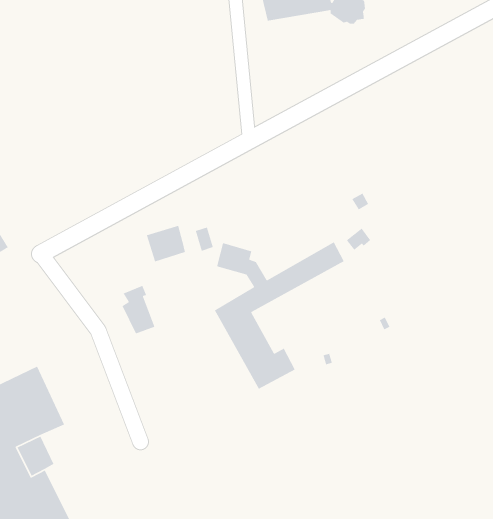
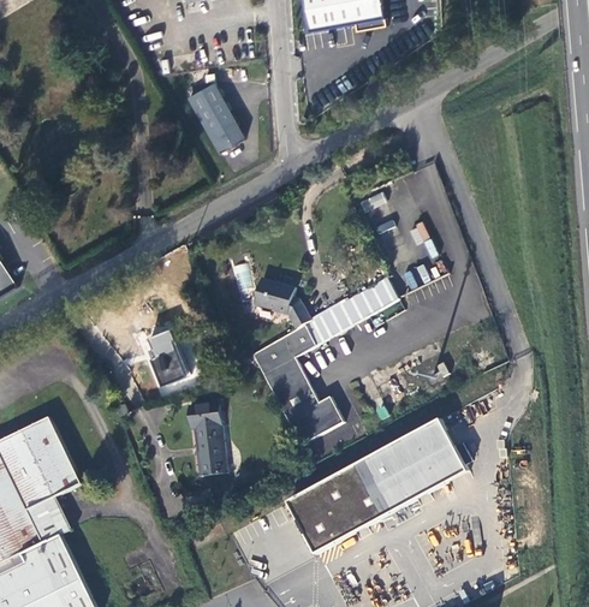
building: none -> [185,79,244,150]
building: [146,225,186,262] -> none
building: none -> [186,401,224,475]
building: none -> [286,416,471,552]

